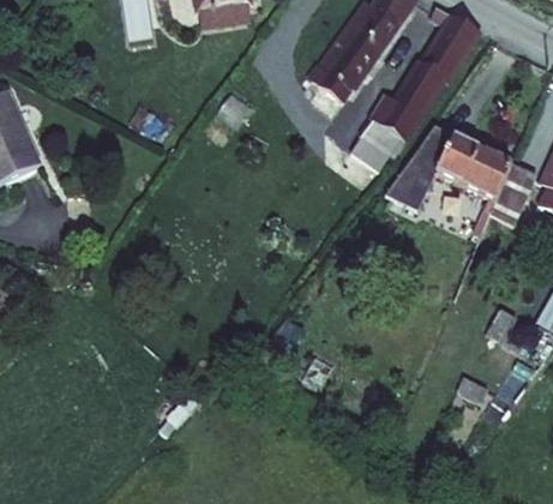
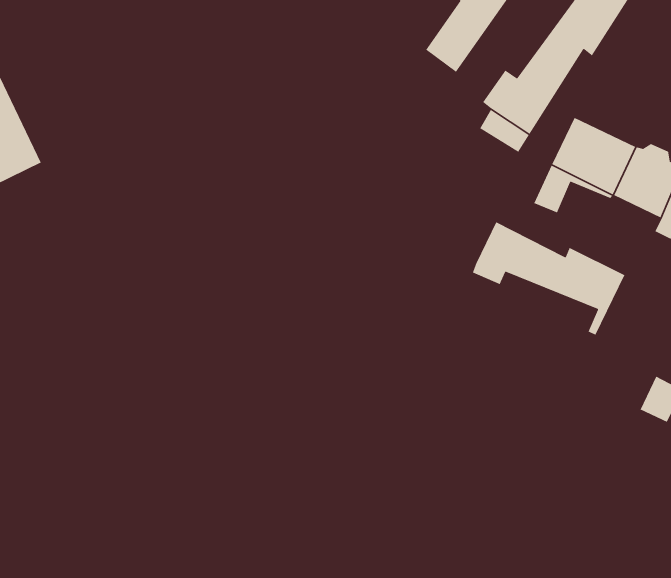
building: none -> [472,221,626,336]

